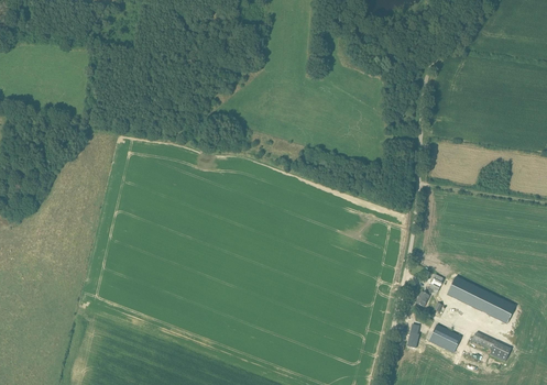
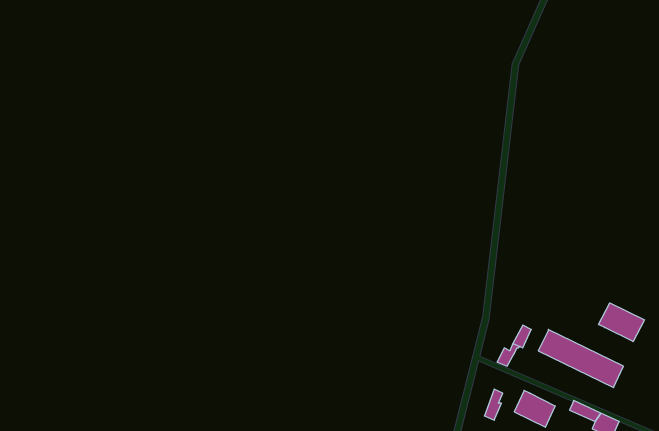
building: none -> [599,303,644,342]

